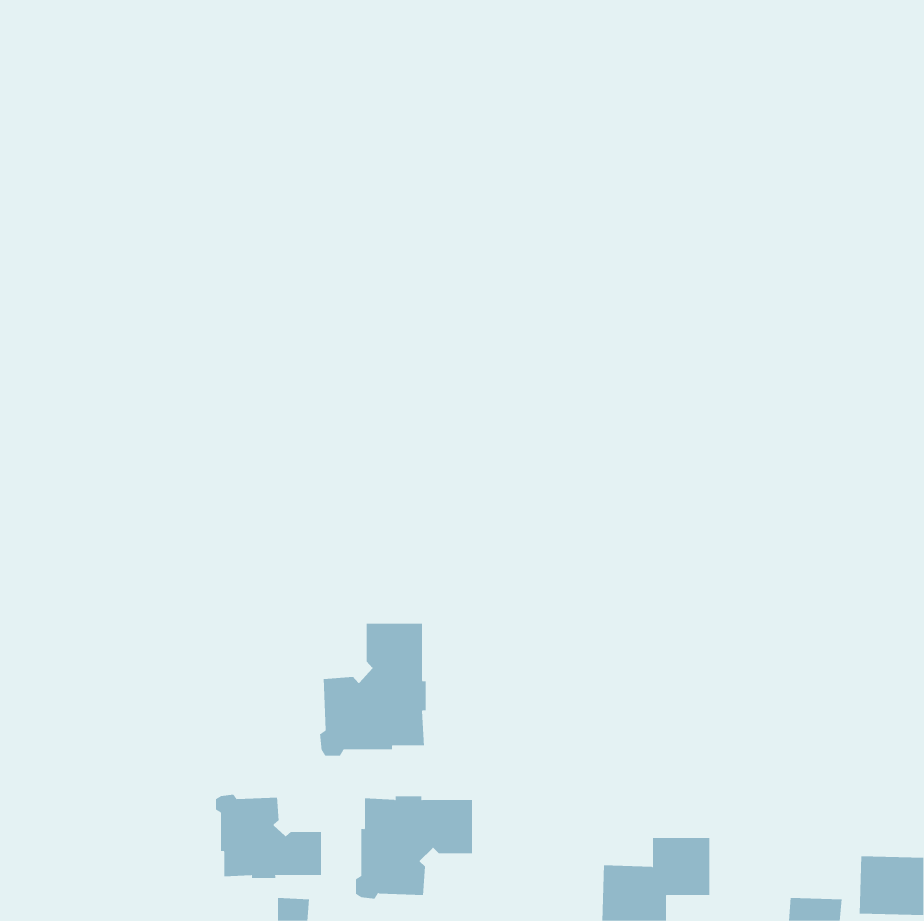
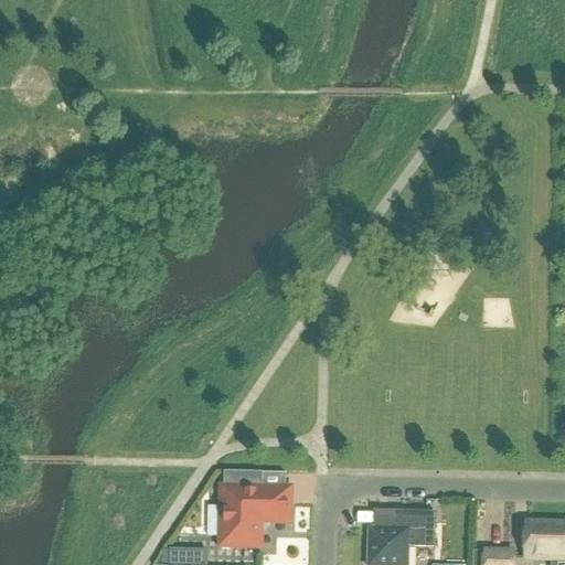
building: [319,623,426,756] -> none
building: [216,794,321,879] -> none

